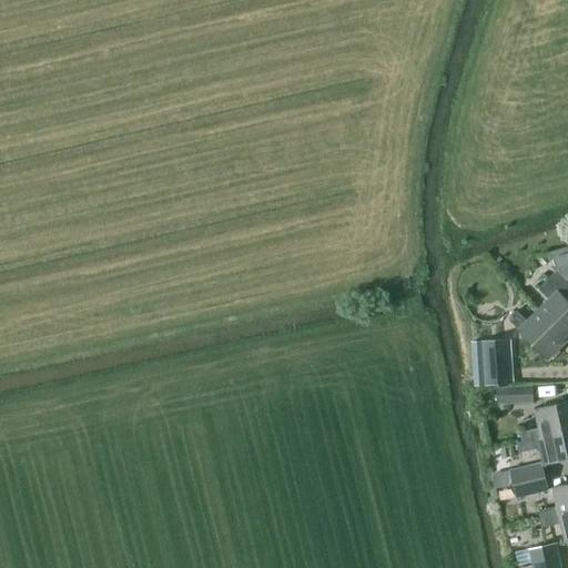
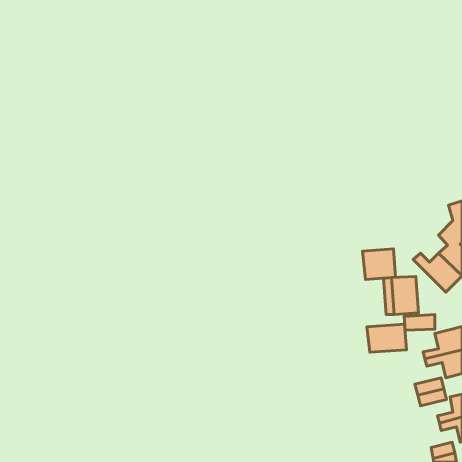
building: none -> [363,249,396,279]
building: none -> [367,324,406,352]

